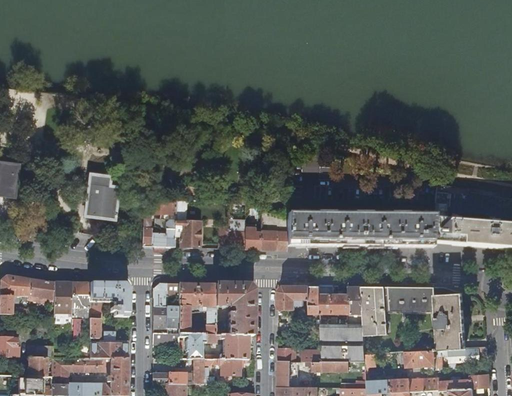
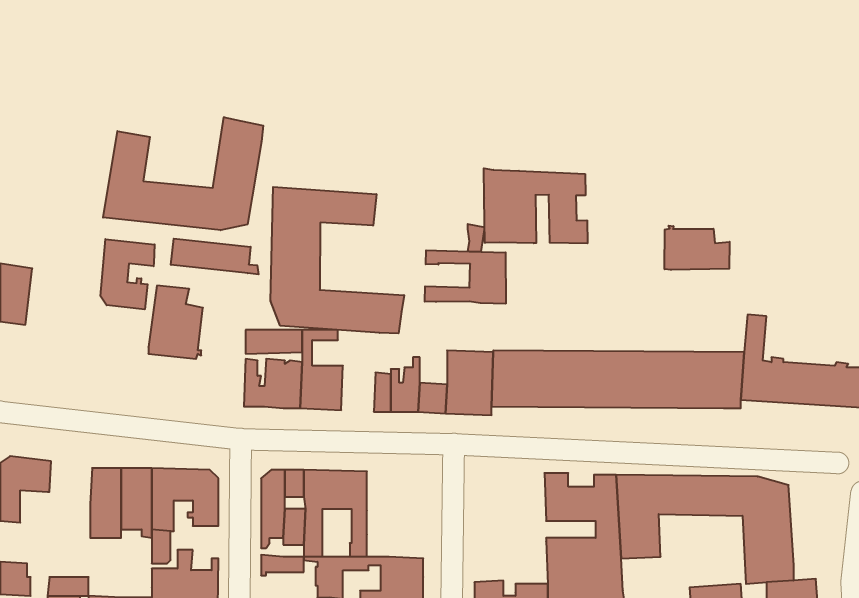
building: none -> [103,117,263,230]
building: none -> [484,168,587,243]
building: none -> [271,187,404,333]
building: none -> [665,226,730,270]
building: none -> [171,239,259,274]
building: none -> [101,239,155,309]
building: none -> [425,250,506,304]
building: [28,278,54,303] -> none
building: [215,284,253,335] -> none
building: [278,285,320,313] -> none

